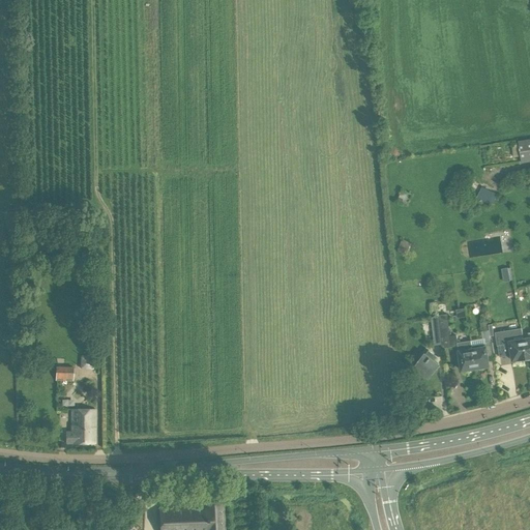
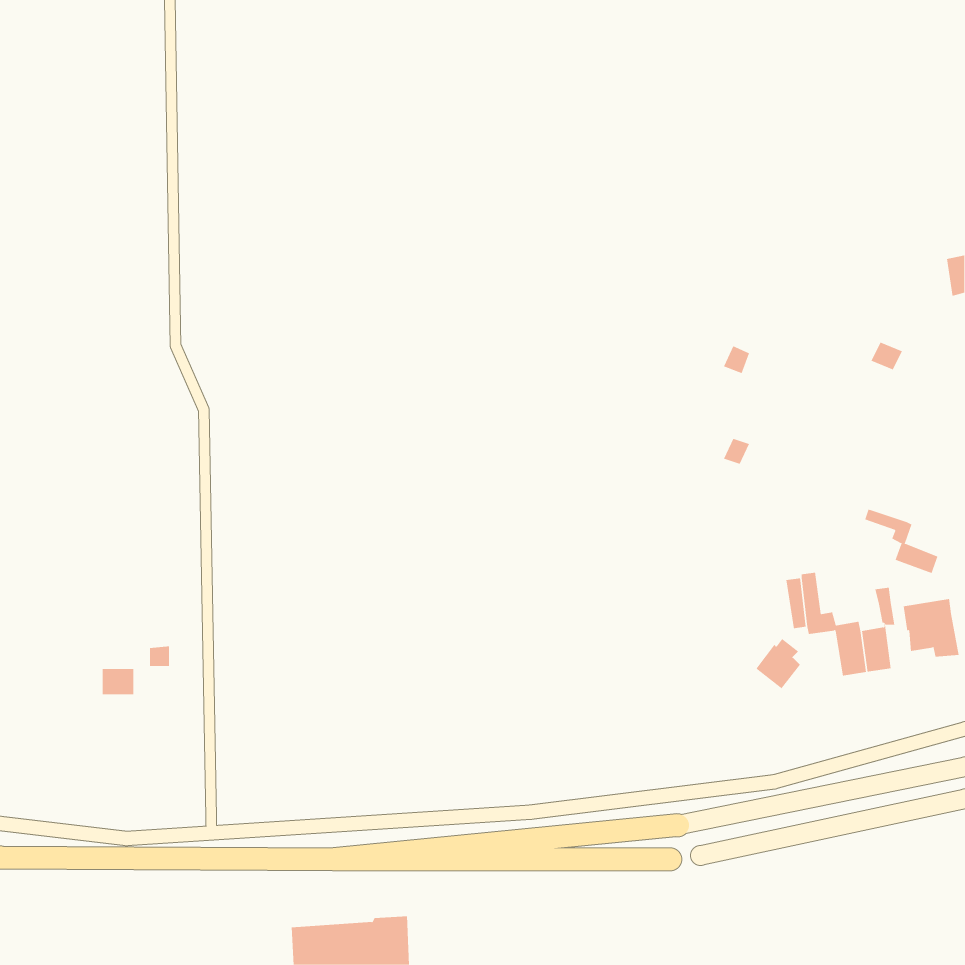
building: none -> [864,509,938,574]
building: [65,409,96,443] -> none

